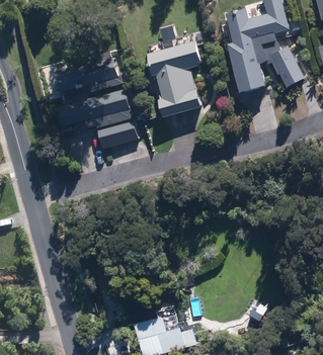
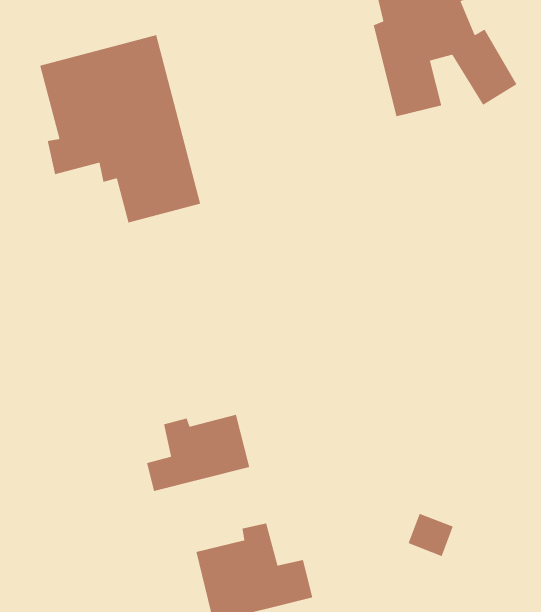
building: [146,41,201,116] -> none
building: none -> [146,414,250,492]

